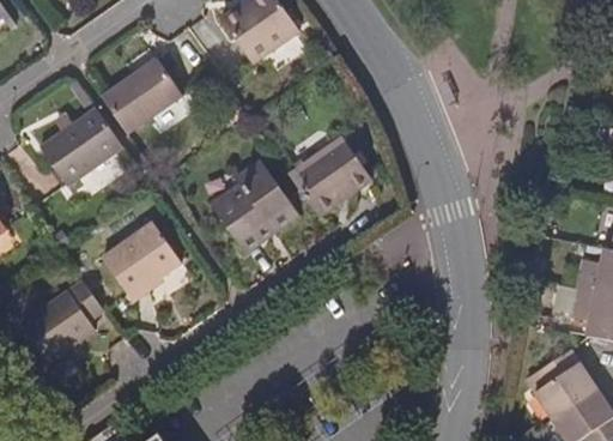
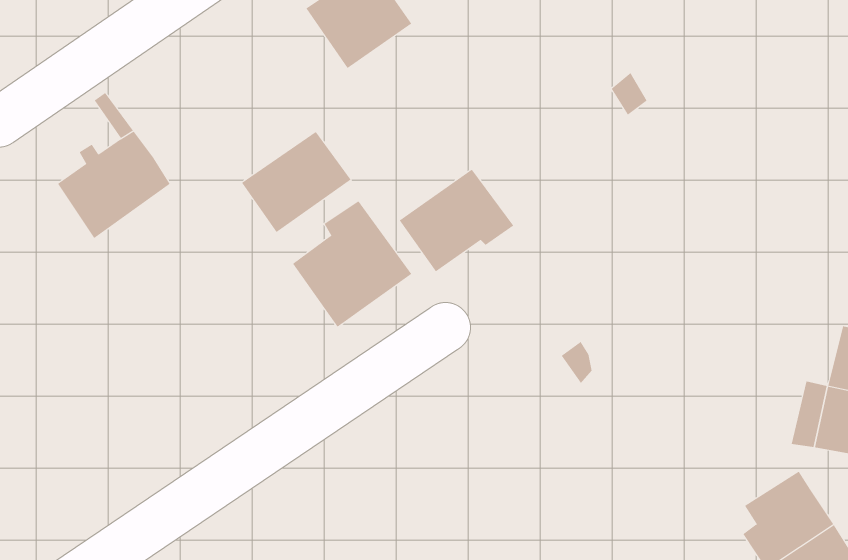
building: [102,58,181,131] -> [241,131,351,233]
building: [105,220,183,294] -> none
building: [29,279,113,361] -> none

